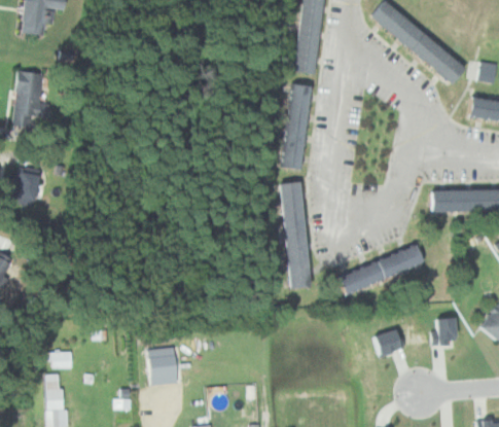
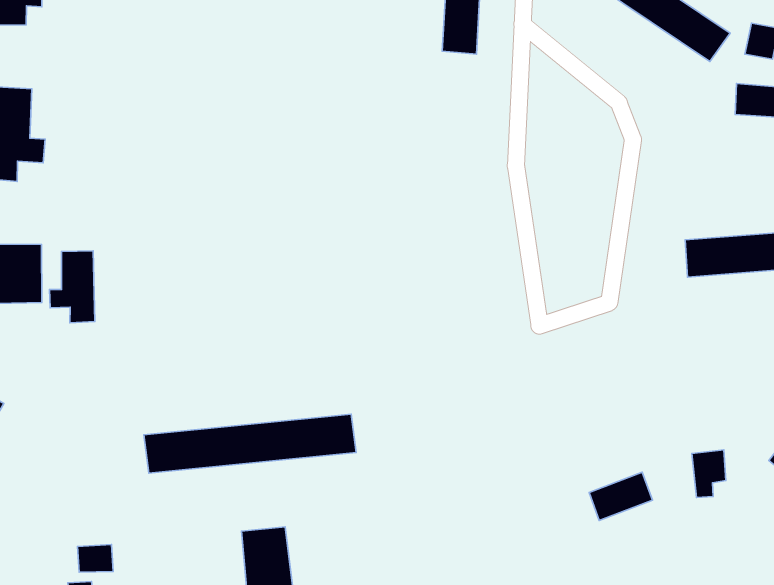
building: [282,78,312,167] -> none
building: none -> [50,251,95,323]
building: [281,181,312,288] -> none
building: [343,245,426,291] -> none
building: none -> [144,414,356,473]

